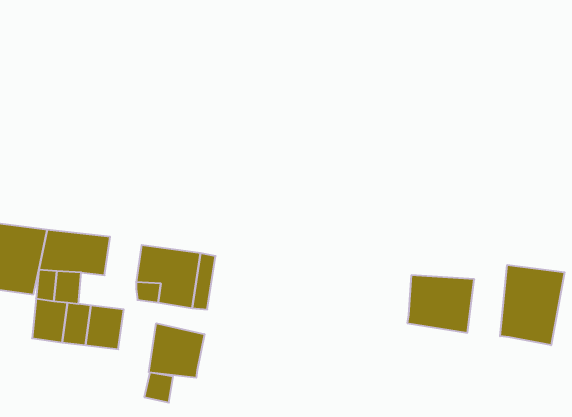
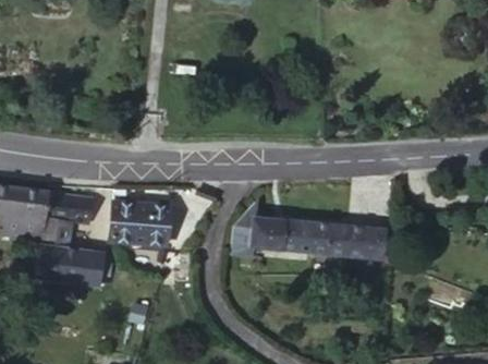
building: [500,265,565,345] -> none
building: none -> [249,217,338,255]
building: [149,323,204,378] -> none

